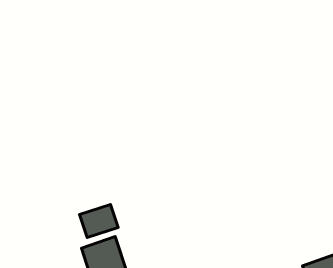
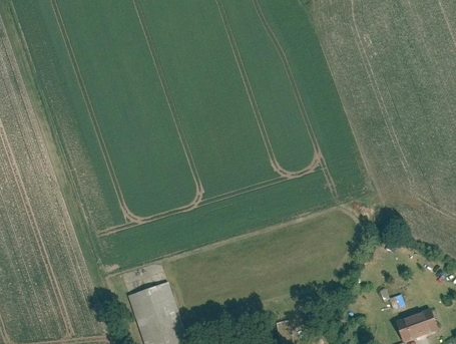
building: [80,204,118,238] -> none

